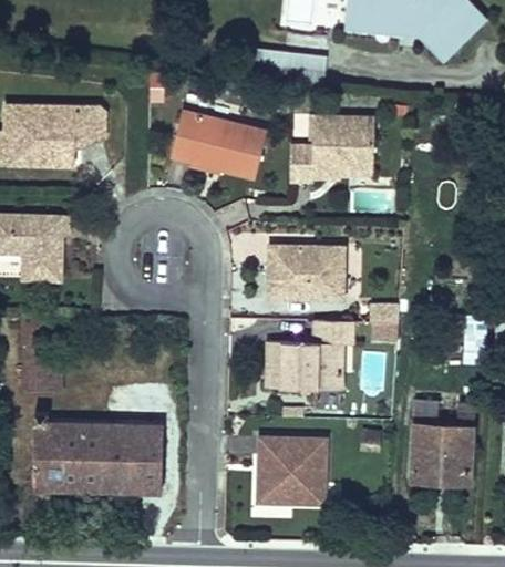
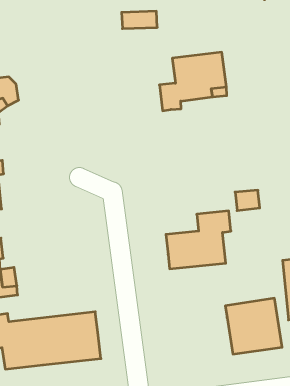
building: [172,110,265,178] -> none
building: [268,248,347,303] -> none
building: [256,443,321,508] -> [225,298,282,354]

